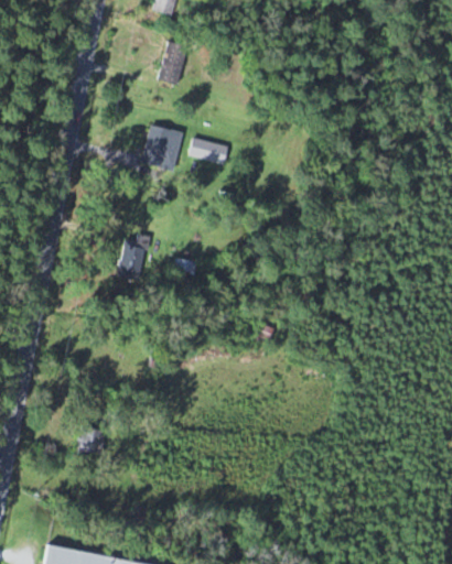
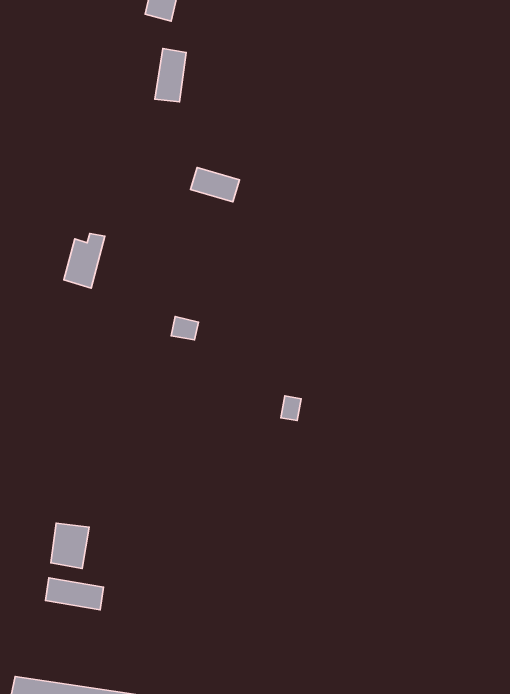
building: [141,124,183,170] -> none
building: [117,234,150,278] -> [64,233,105,288]
building: none -> [46,578,103,610]

